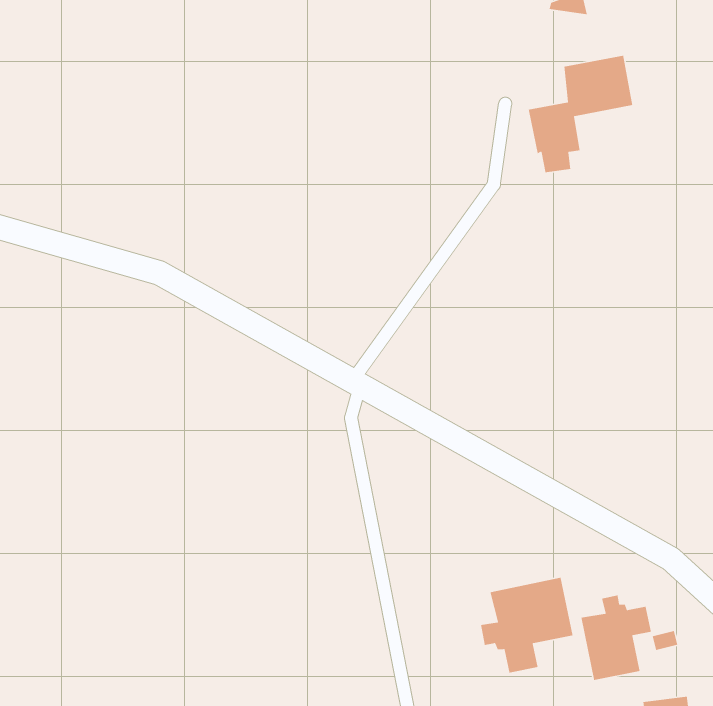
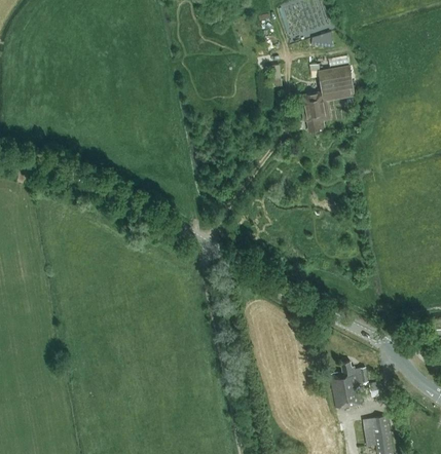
building: [480,577,574,673] -> none

